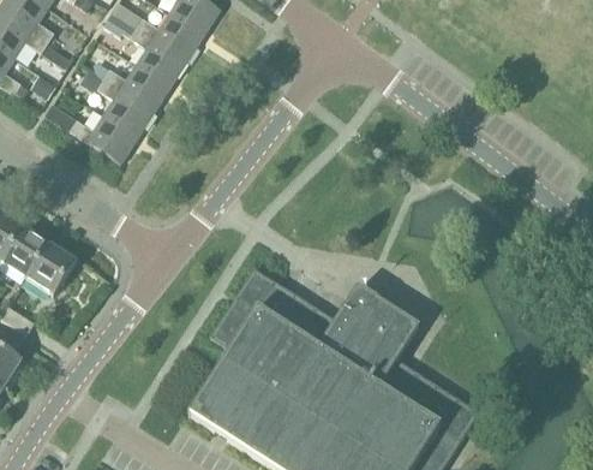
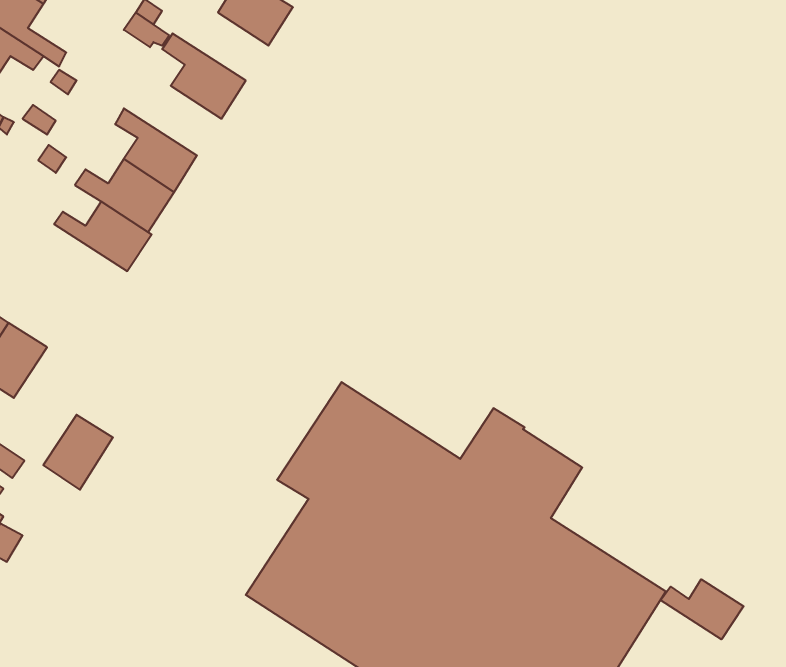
building: [137,12,203,59] -> none
building: [103,63,170,111] -> [54,201,152,271]
building: [28,243,76,295] -> [43,415,113,490]
building: none -> [661,579,744,639]

